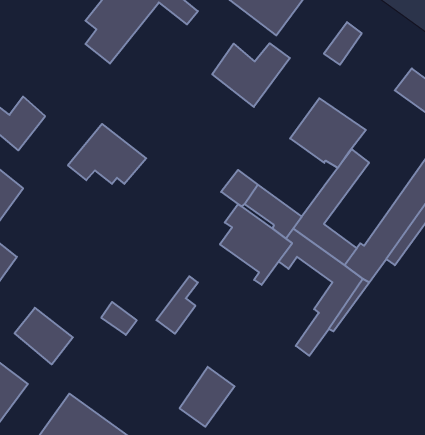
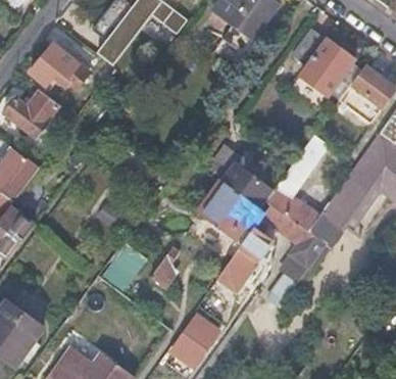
building: [212,43,290,107] -> none
building: [290,98,366,168] -> [300,40,363,98]
building: [68,124,146,184] -> [32,36,97,86]
building: none -> [215,228,270,292]
building: [15,308,73,364] -> none

